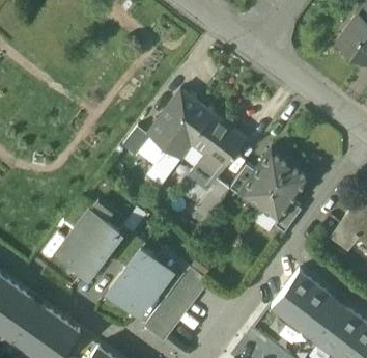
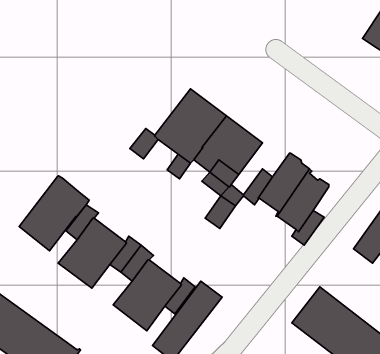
building: none -> [19,176,89,251]

